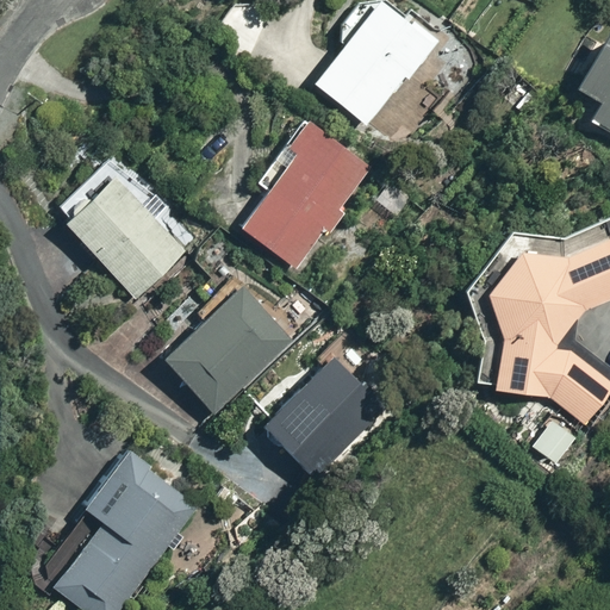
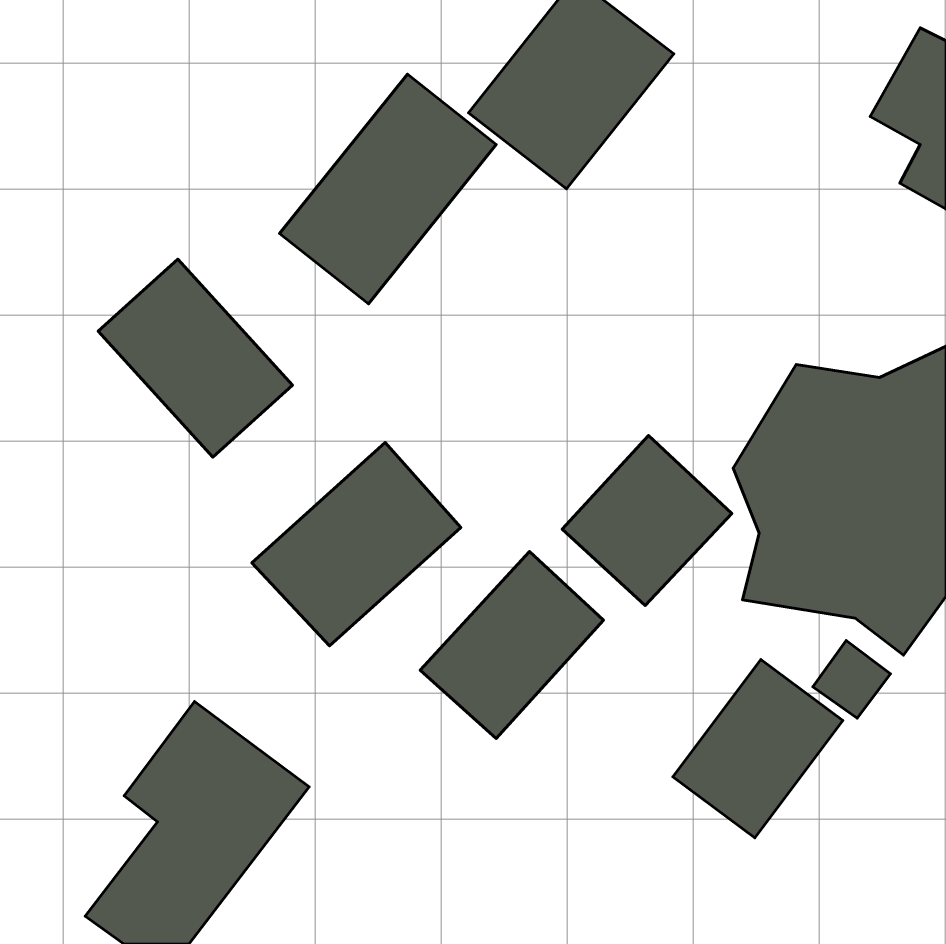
building: [238,130,378,278] -> [280,74,496,304]
building: none -> [562,435,732,605]
building: none -> [673,659,843,838]

